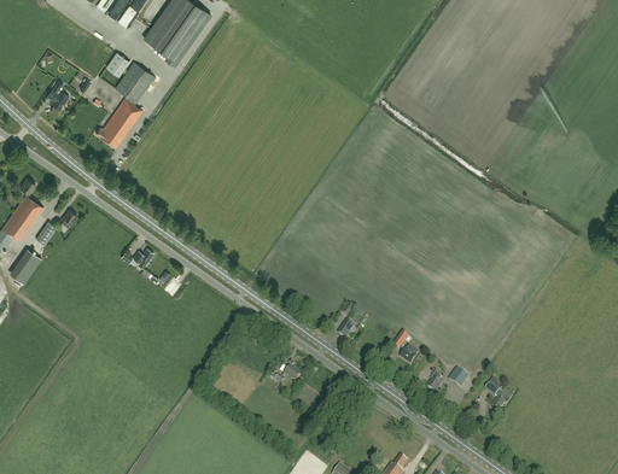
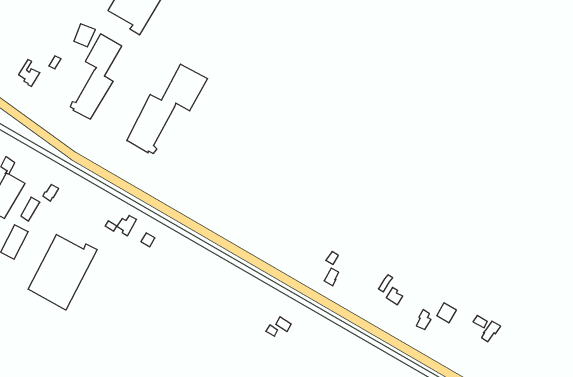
building: none -> [127,64,208,154]
building: none -> [28,234,97,310]

